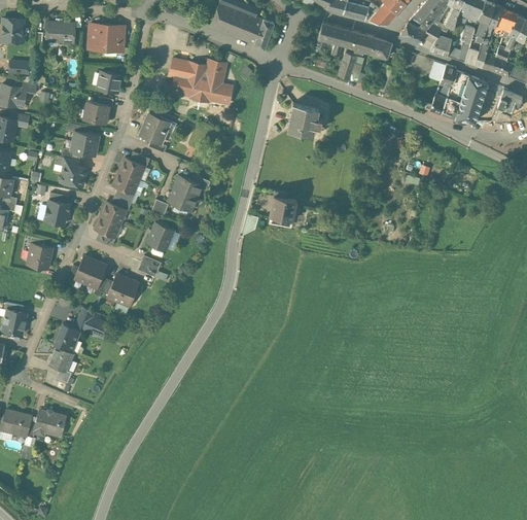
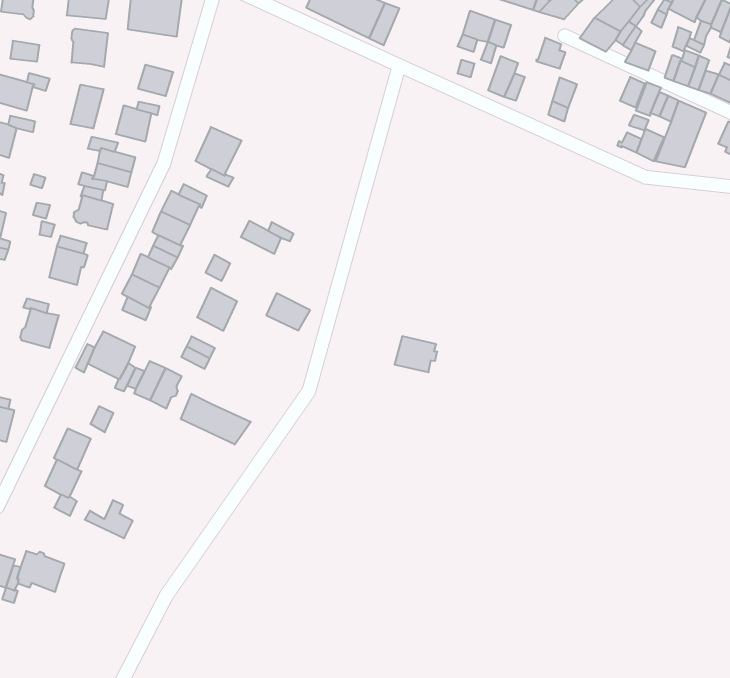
building: [347,31,376,54] -> none
building: none -> [71,29,108,67]
building: [168,58,233,104] -> none
building: none -> [70,85,104,129]
building: [287,103,322,135] -> none
building: [168,186,198,211] -> [266,293,310,330]
building: [270,196,298,219] -> [394,336,437,372]
building: none -> [181,394,251,445]
building: [75,312,108,338] -> [85,500,133,538]

